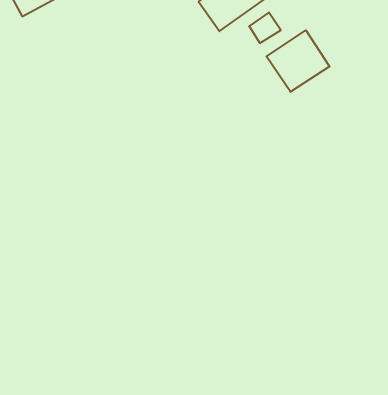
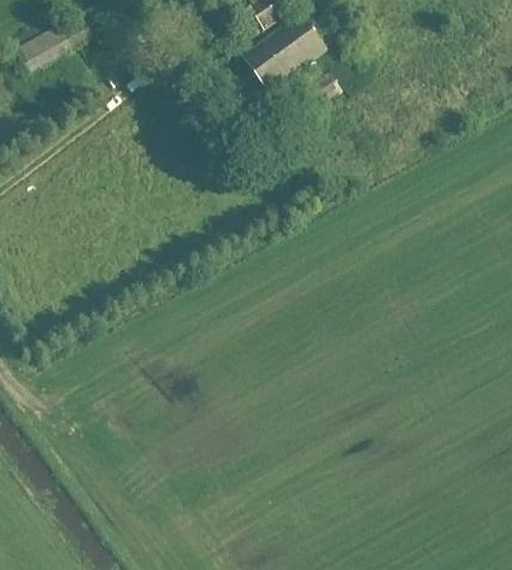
building: [266,30,330,92] -> none

